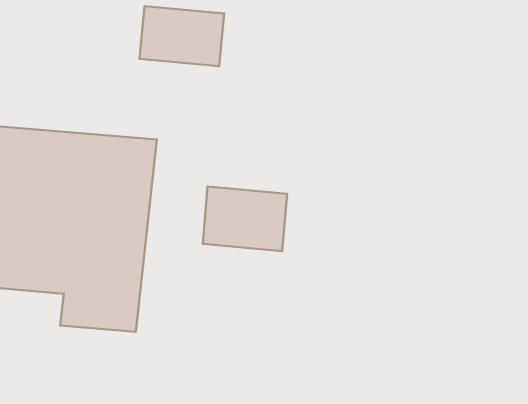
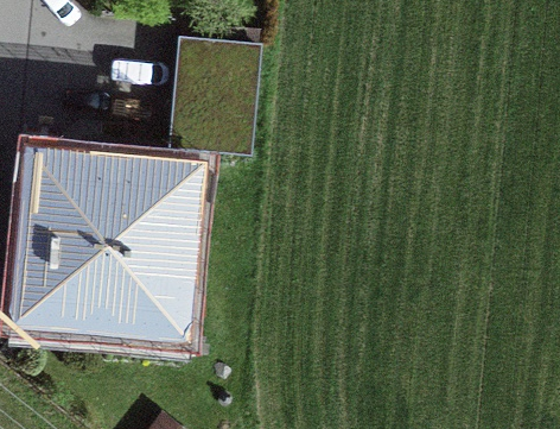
building: [203,186,287,251] -> [170,83,252,146]

